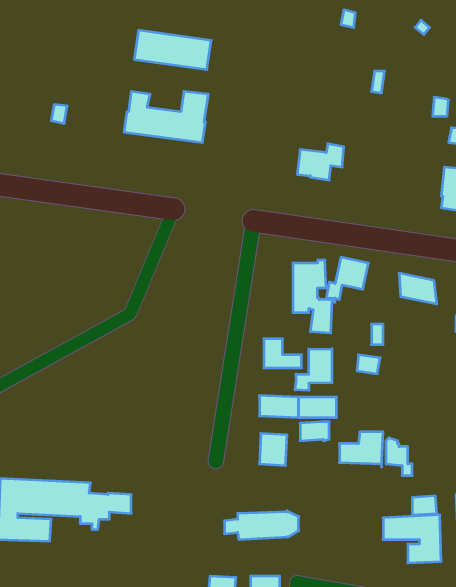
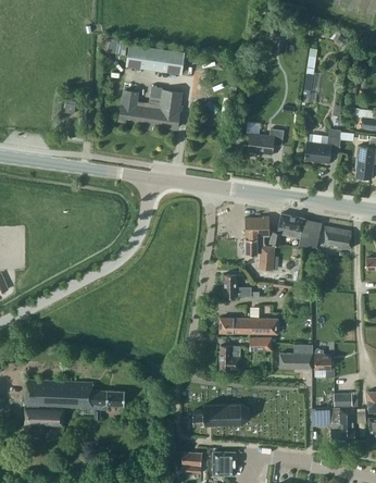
building: none -> [304,129,340,165]
building: none -> [297,219,322,248]
building: [295,349,332,390] -> none

